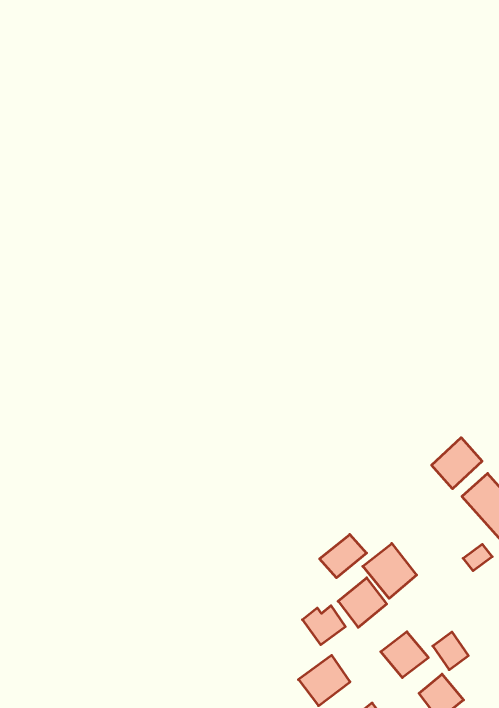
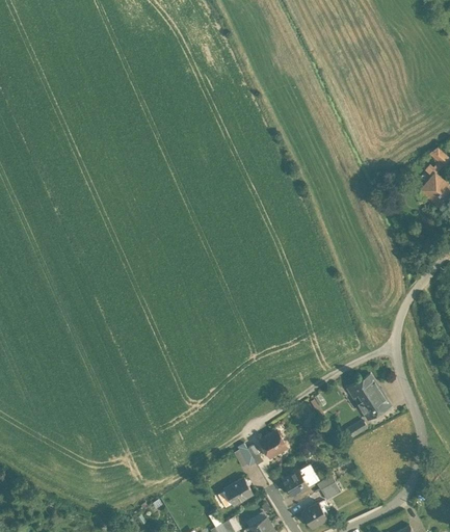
building: [432,438,482,489] -> none
building: [320,534,367,578] -> none
building: [363,543,417,598] -> none

